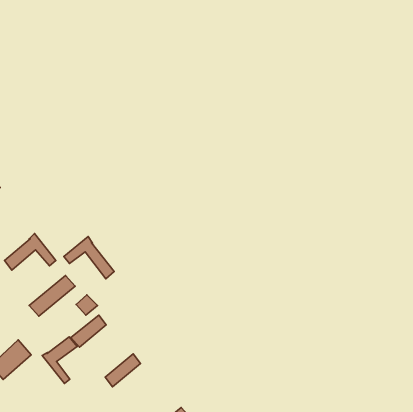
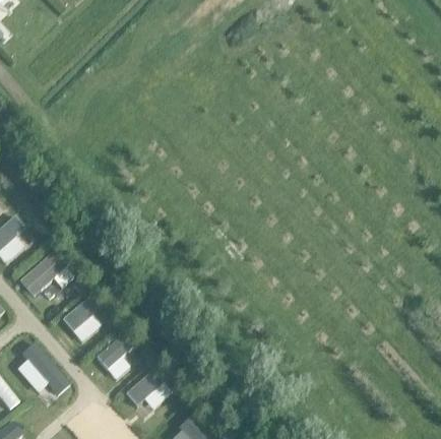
building: [64,236,114,279] -> none
building: [42,337,77,383] -> none

